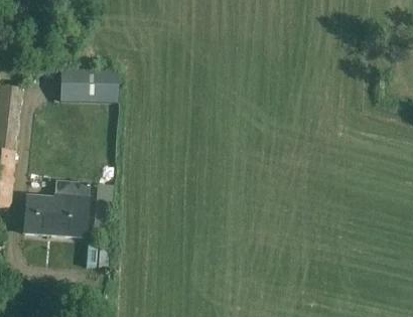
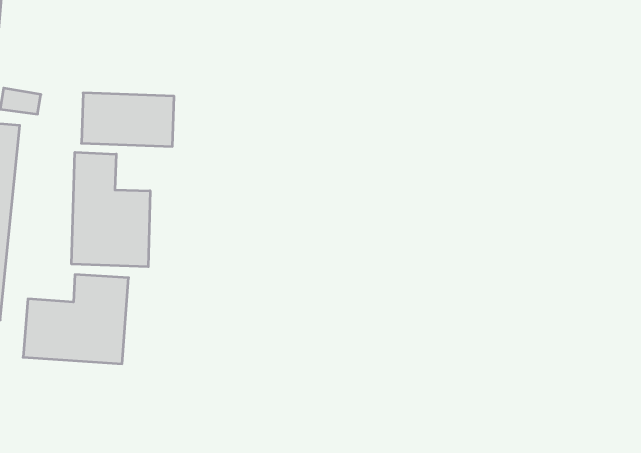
building: none -> [72,152,150,267]

